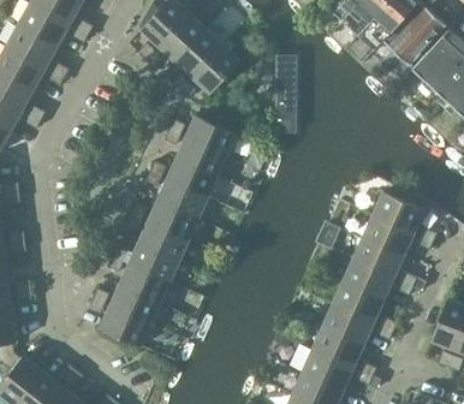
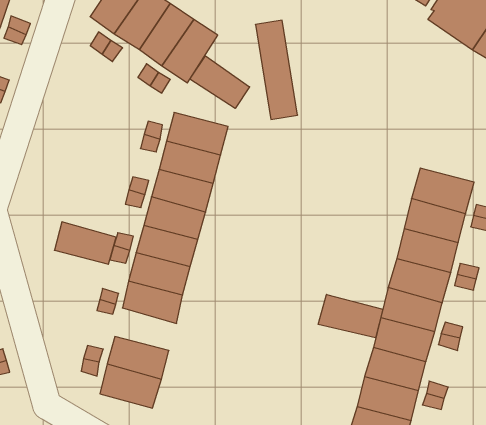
building: none -> [190,56,250,108]
building: [119,263,169,303] -> [54,222,116,264]
building: none -> [318,294,383,338]

